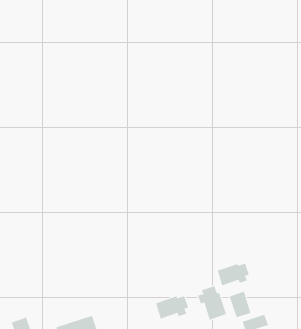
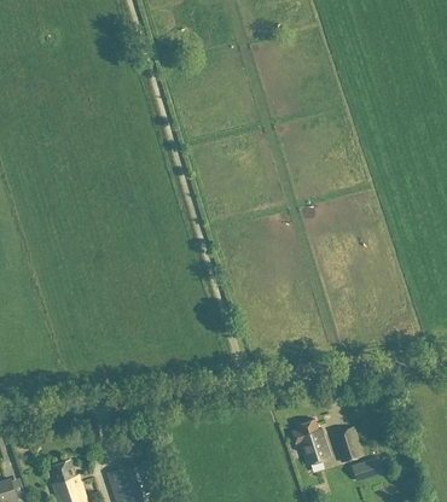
building: [217,263,250,286] -> none
building: [155,295,189,320] -> none

